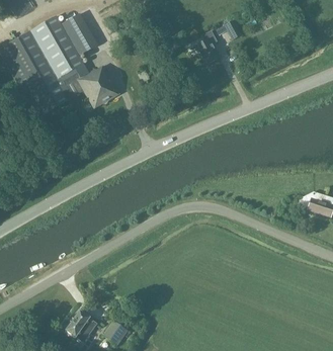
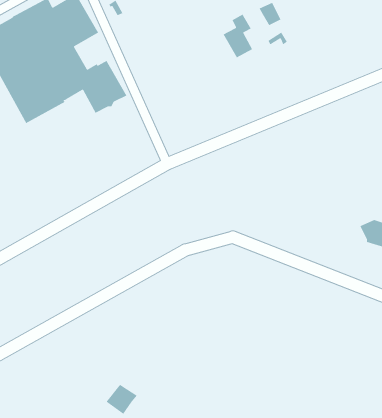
building: [65,310,96,342] -> none

